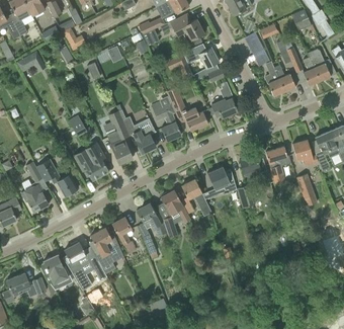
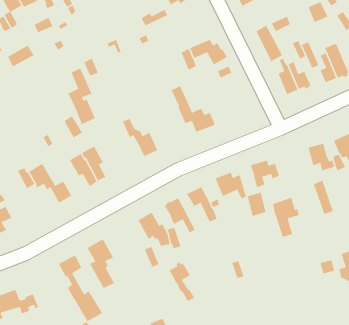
building: [171,13,204,48] -> none
building: [211,81,238,117] -> none
building: [152,101,181,141] -> none
building: [106,111,133,164] -> [67,68,96,125]
building: [266,146,291,183] -> [272,197,300,238]
building: [21,184,49,213] -> none
building: [112,216,137,253] -> [169,261,195,302]
building: [44,254,70,290] -> none

